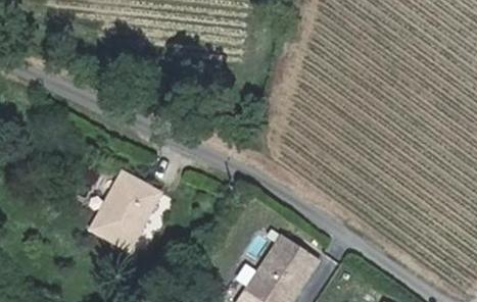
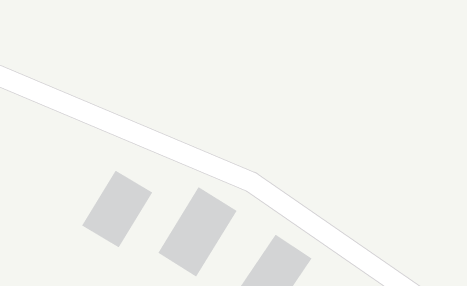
building: none -> [157,186,237,278]

